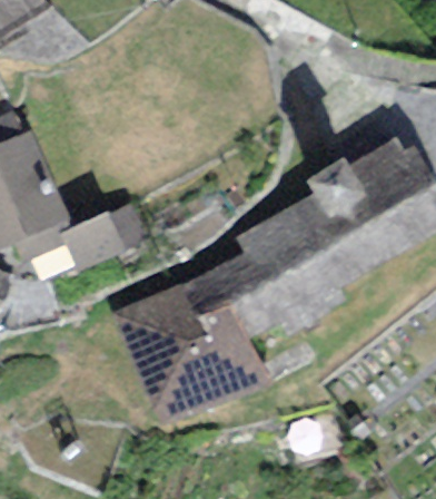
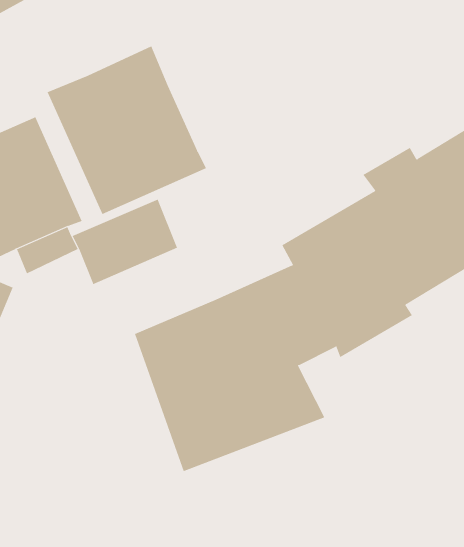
building: none -> [47,45,207,215]

